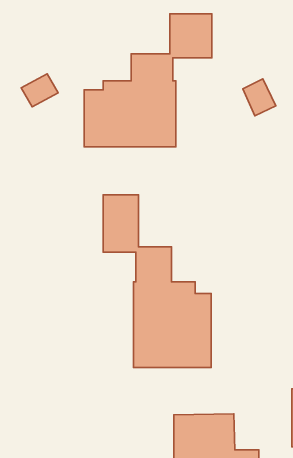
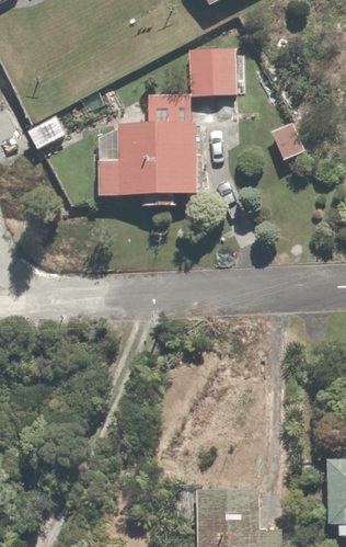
building: [103,195,211,368] -> none

